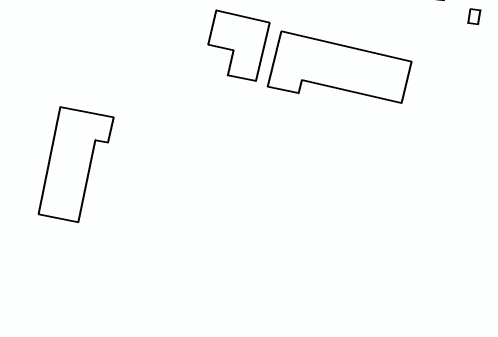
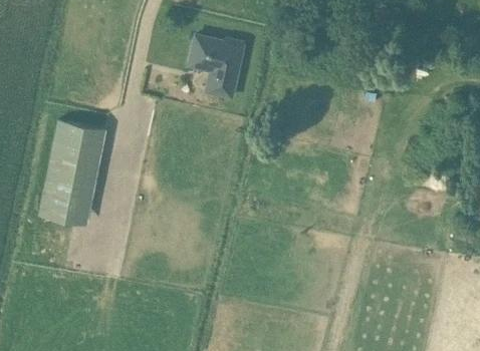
building: [268,31,411,103] -> none

